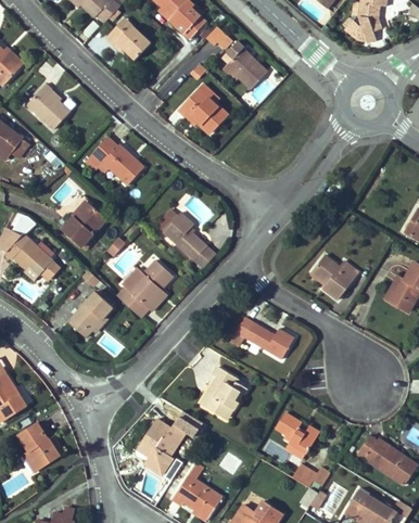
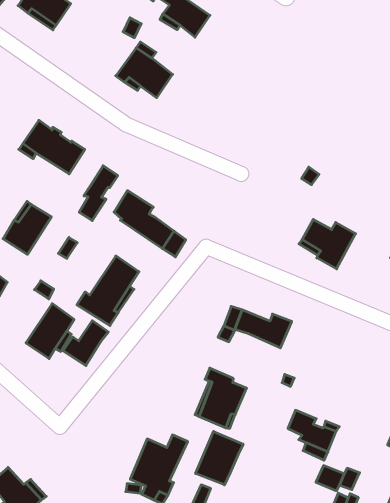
building: none -> [79,166,118,221]
building: none -> [63,321,108,366]
building: none -> [196,431,243,485]

